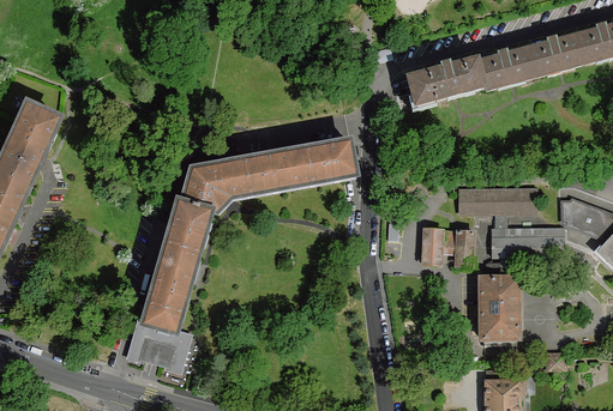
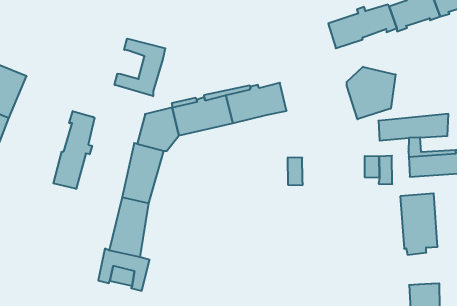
building: none -> [115,39,165,96]
building: none -> [347,67,396,119]
building: none -> [53,111,95,189]
building: [422,229,440,261] -> [288,158,303,185]

